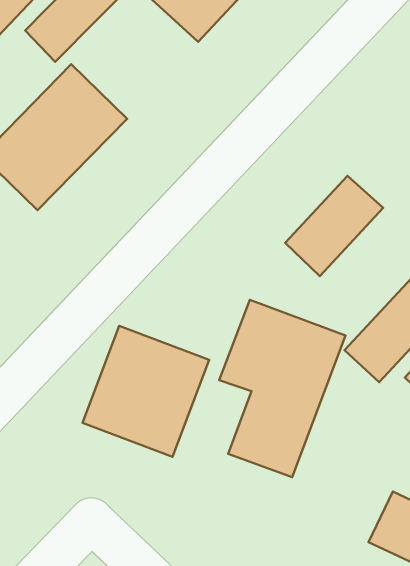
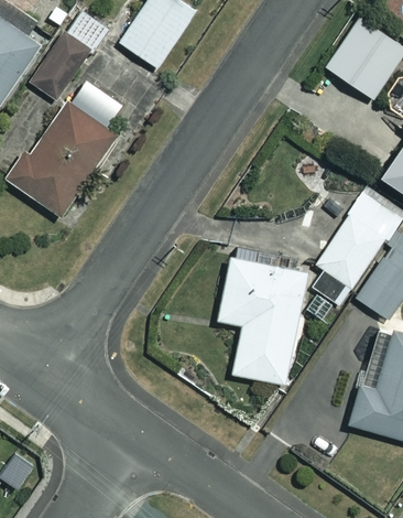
building: [285,176,383,276] -> none
building: [83,326,209,457] -> none

